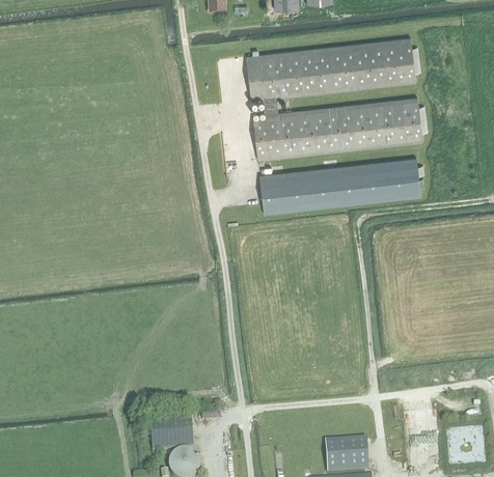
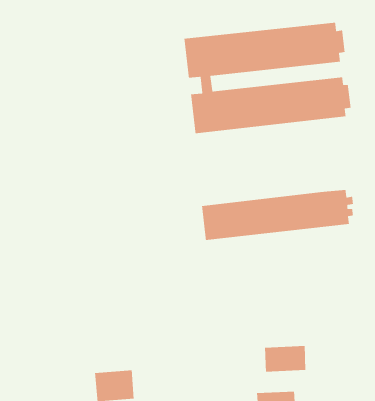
building: [259,159,424,215] -> [201,189,354,241]
building: none -> [264,345,306,373]

